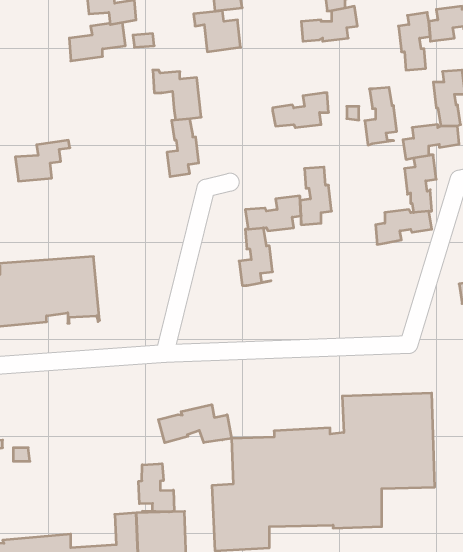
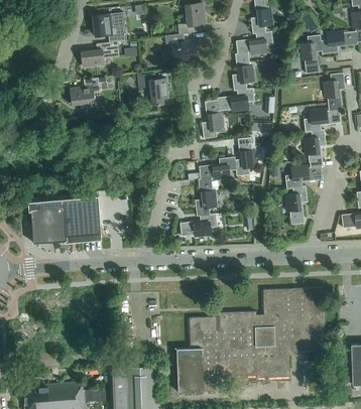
building: [365,87,397,145] -> [232,52,253,91]
building: [167,119,199,177] -> [202,100,223,138]
building: [15,140,70,181] -> [70,77,106,104]
building: none -> [286,185,308,224]
building: none -> [179,213,217,236]
building: [158,405,232,443] -> none
building: [139,464,174,512] -> none

